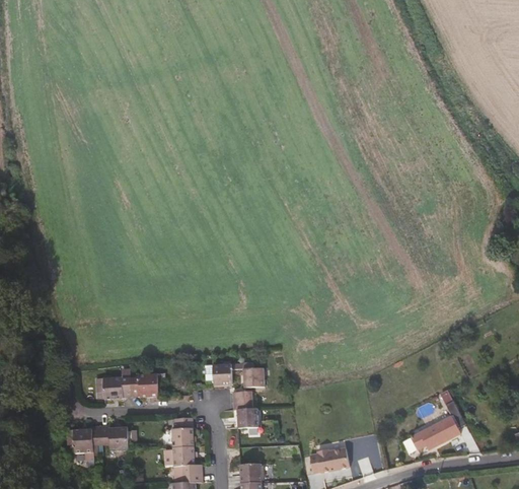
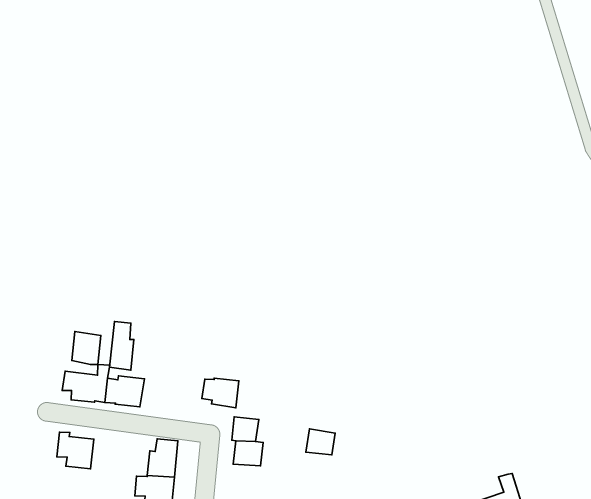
building: none -> [109,322,134,370]
building: none -> [72,331,101,365]
building: [243,369,264,388] -> [306,429,335,455]
building: [66,426,100,452] -> none

